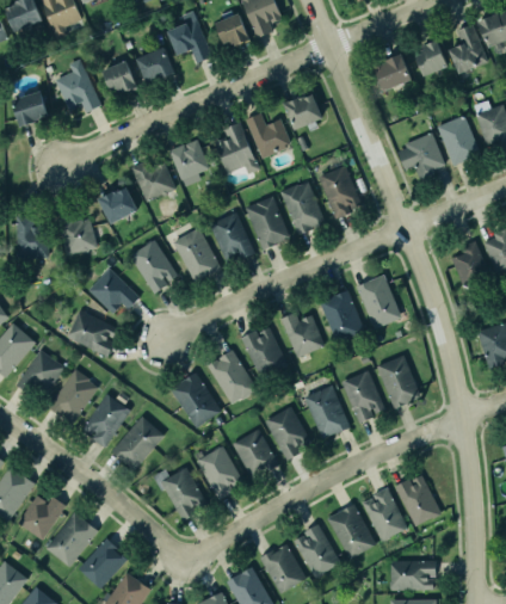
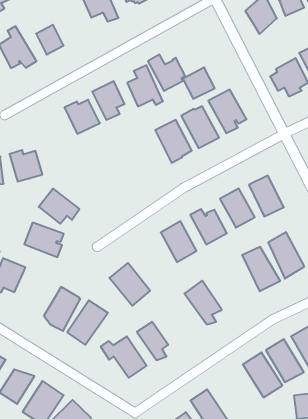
building: [138,47,177,85] -> none
building: [284,90,323,128] -> [183,67,215,99]
building: [101,187,140,224] -> none
building: [210,210,254,261] -> none
building: [173,227,221,281] -> none
building: [131,240,180,294] -> none
building: [209,350,258,405] -> none
building: [49,370,100,425] -> none
building: [304,382,348,437] -> none
building: [235,426,280,483] -> none
building: [290,522,340,577] -> none

